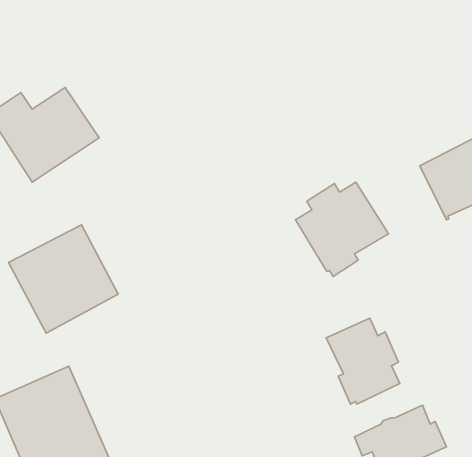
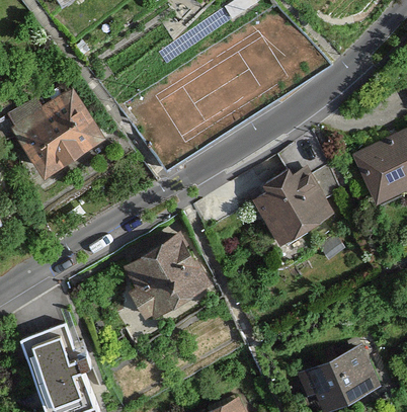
building: [8,225,118,333] -> [123,243,211,330]
building: [326,318,400,404] -> none

